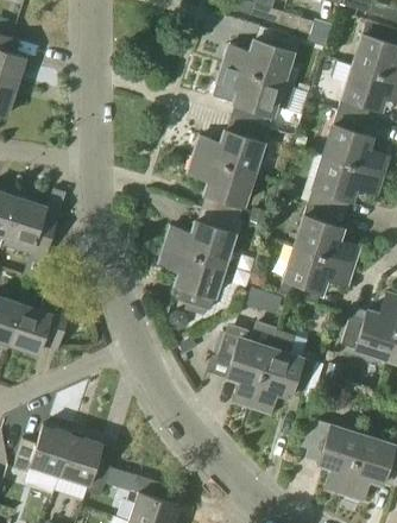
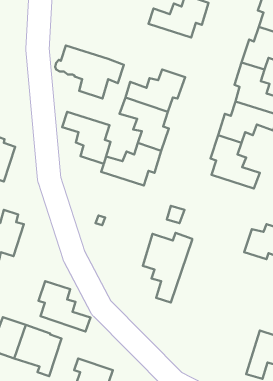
building: [209,64,294,130] -> [55,45,124,99]
building: [158,246,218,310] -> [62,112,111,164]
building: [278,250,352,302] -> none
building: [250,329,315,414] -> none
building: none -> [39,281,90,332]
building: [297,417,359,494] -> none

